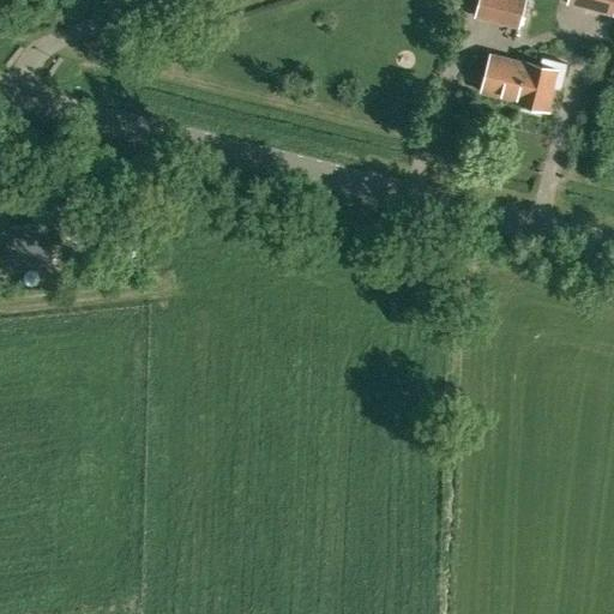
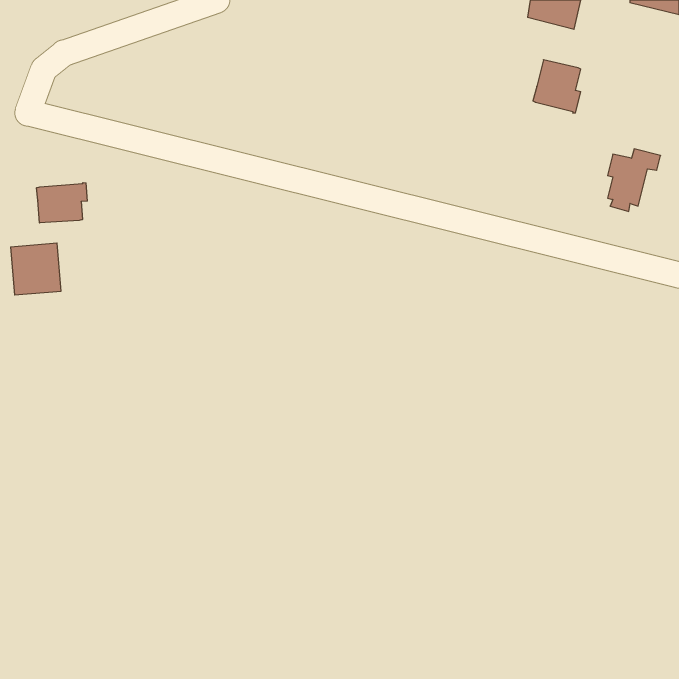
building: [519,58,567,114] -> [608,149,661,211]
building: none -> [37,183,87,223]

